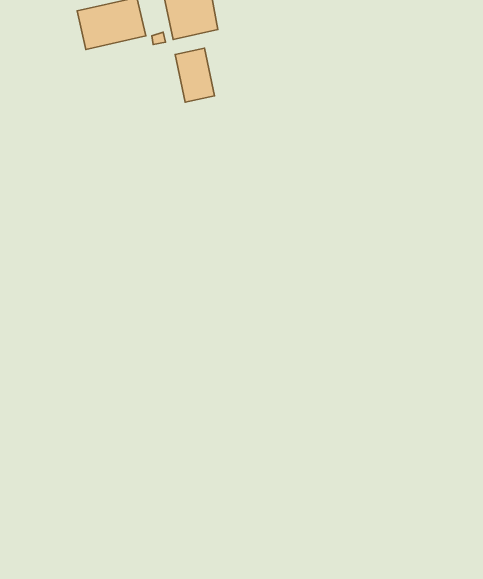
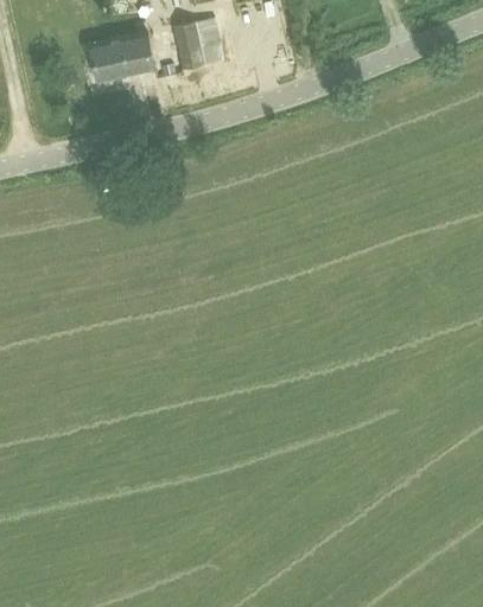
building: [175,48,214,102] -> none

